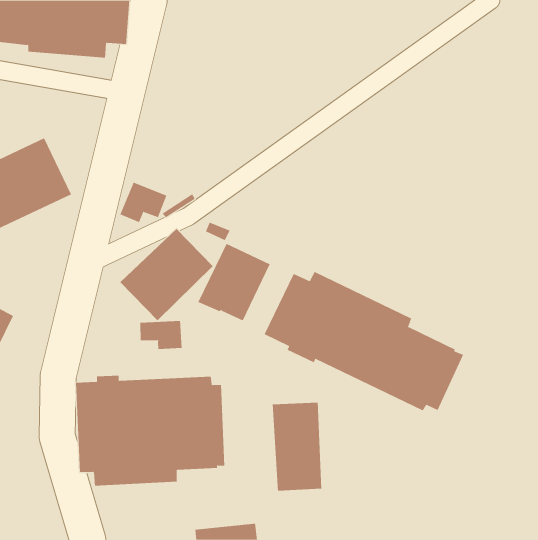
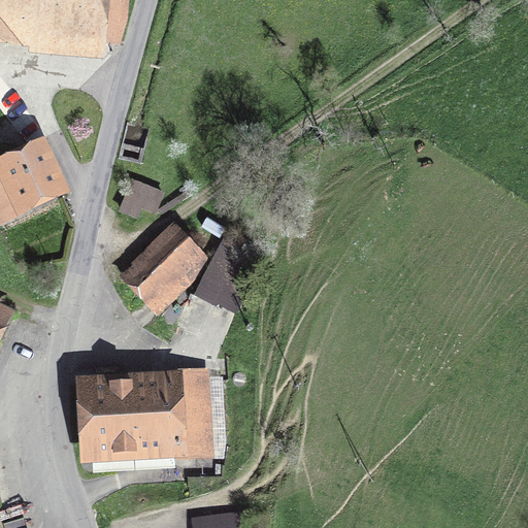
building: [264,271,464,411] -> none
building: [140,320,182,350] -> none
building: [272,402,322,491] -> none

